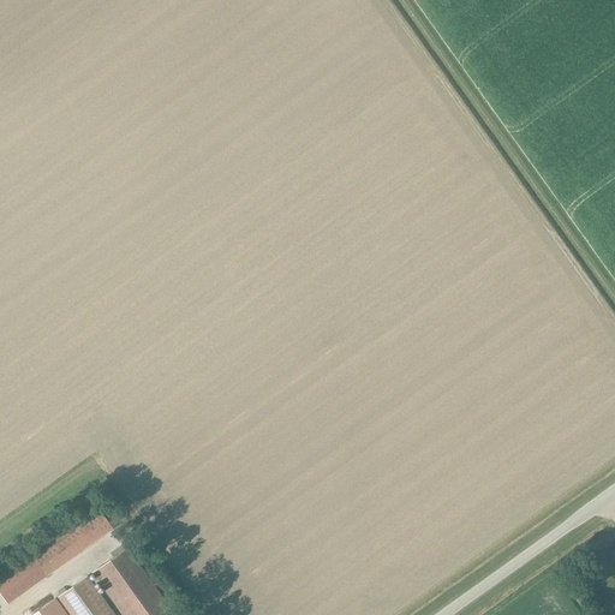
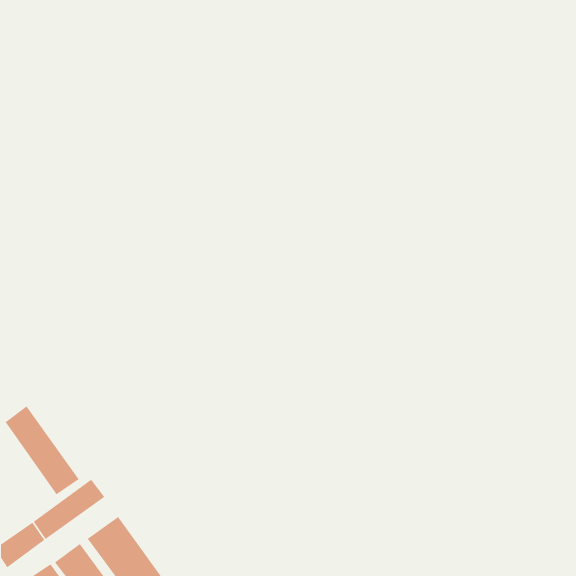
building: none -> [5,406,79,495]

